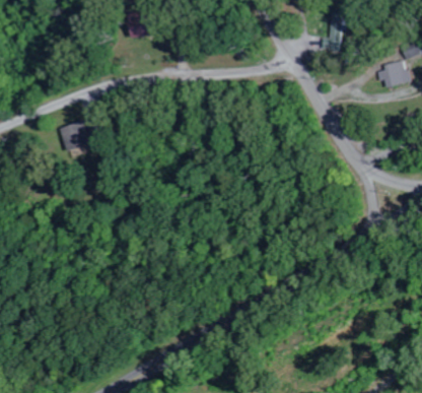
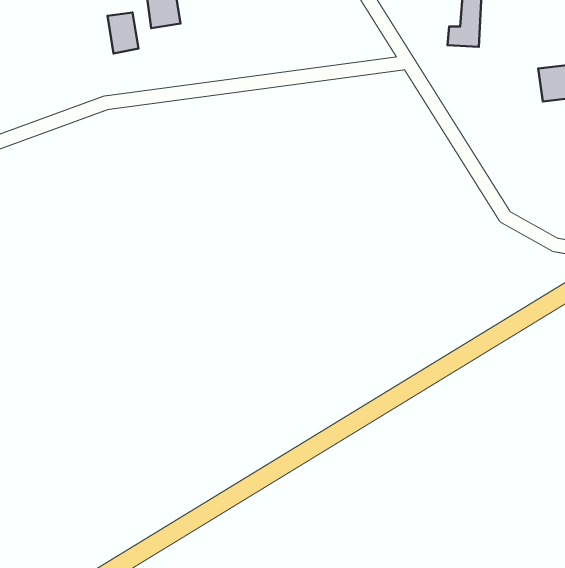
building: none -> [107,13,138,53]
building: [61,123,87,150] -> none

